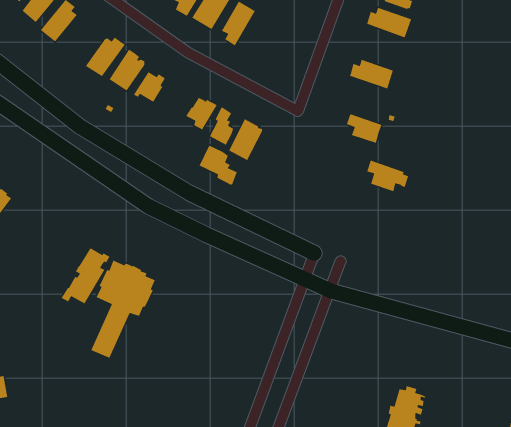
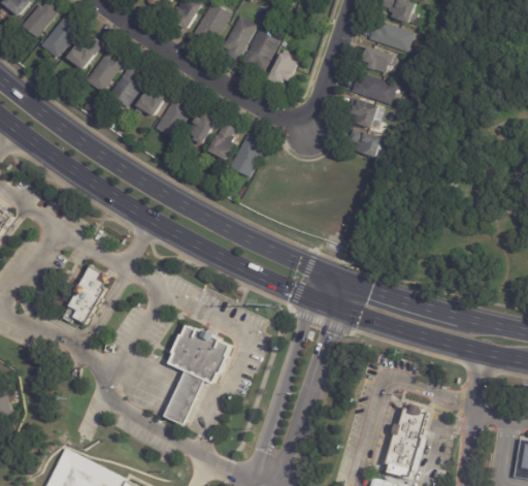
building: none -> [242,31,279,73]
building: none -> [67,36,102,69]
building: none -> [362,46,395,74]
building: none -> [268,48,296,87]
building: none -> [155,96,191,139]
building: [199,145,238,186] -> none
building: [366,160,409,192] -> [346,98,390,131]
building: [90,260,156,359] -> [164,324,230,424]

